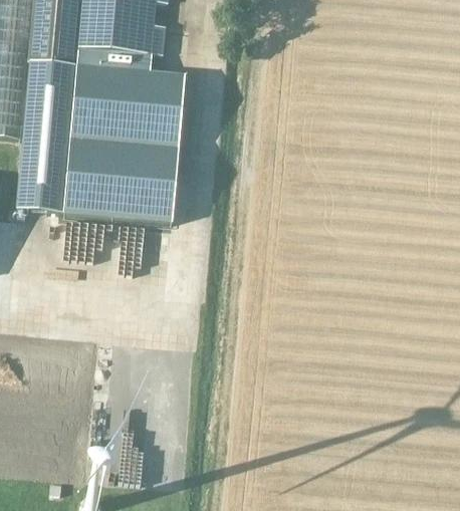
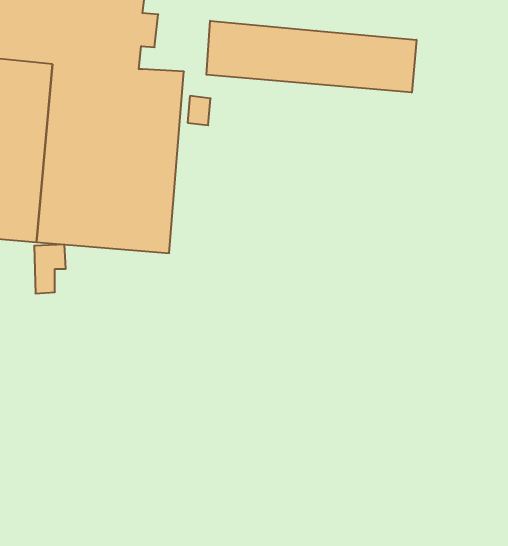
building: none -> [206,21,416,93]

